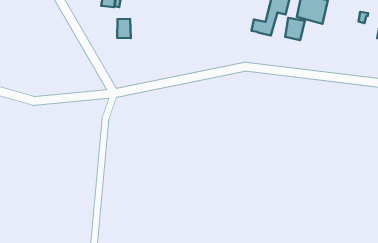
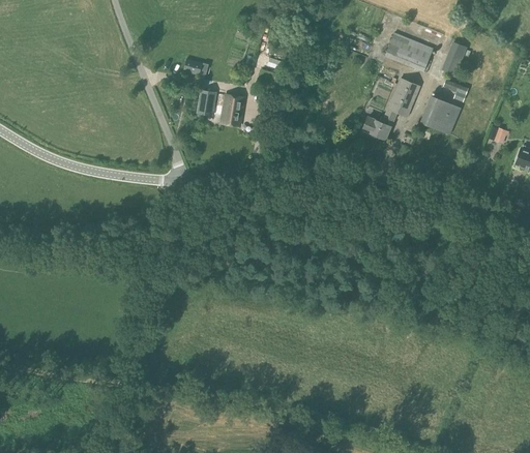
building: [285,18,305,40] -> none
building: none -> [220,95,243,125]

